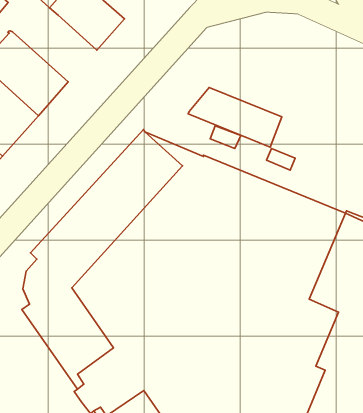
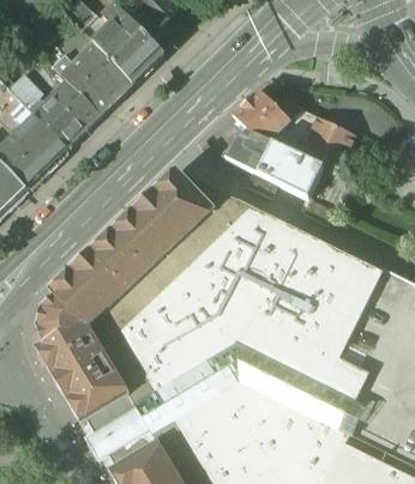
building: none -> [44,44,132,115]
building: none -> [231,90,360,174]

